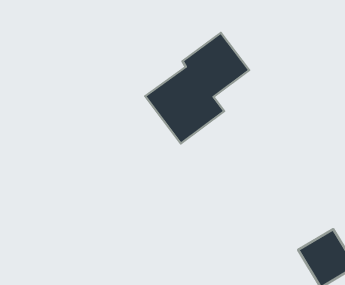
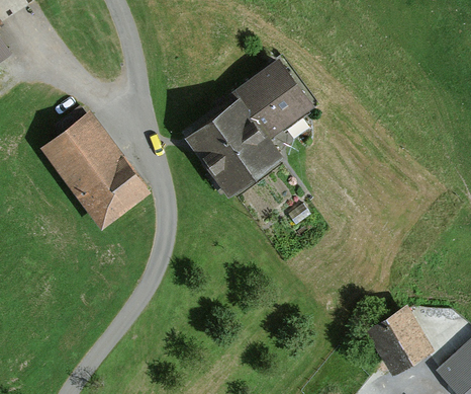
building: none -> [40,112,150,232]

